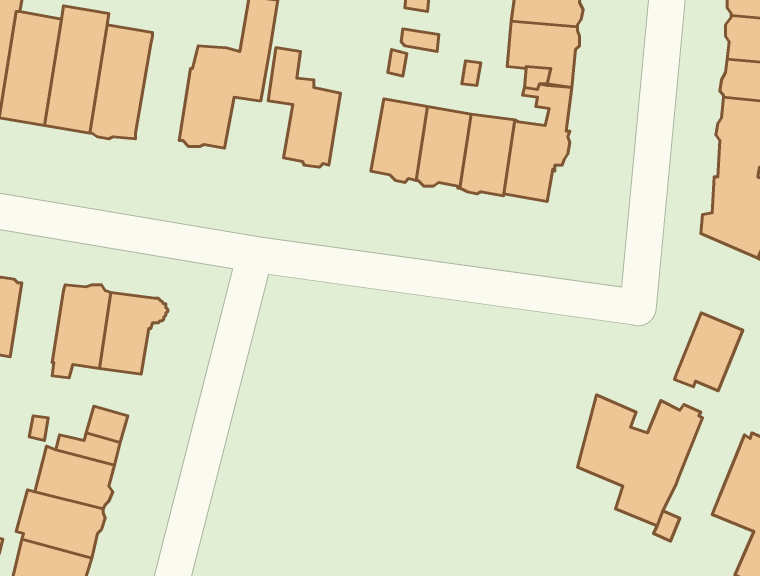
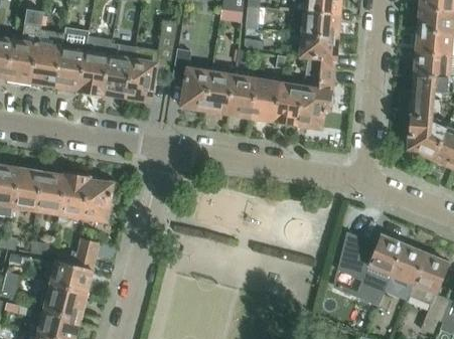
building: none -> [103,41,136,98]
building: none -> [205,71,235,113]
building: none -> [36,172,64,214]
building: [675,313,743,391] -> [390,243,426,285]

